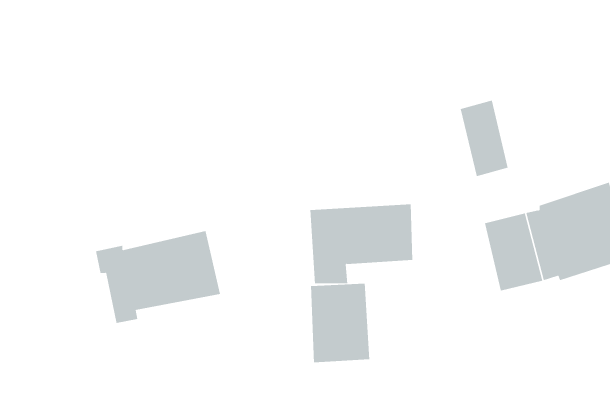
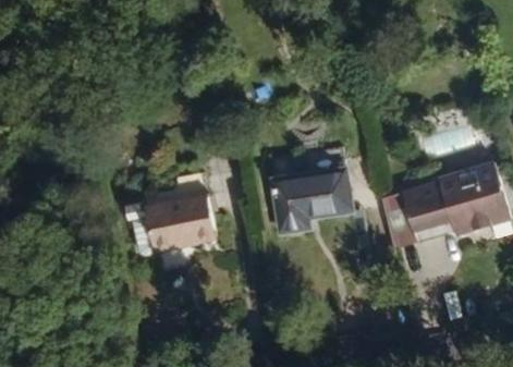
building: [460,100,509,177] -> [381,188,417,245]
building: [311,283,370,363] -> none

